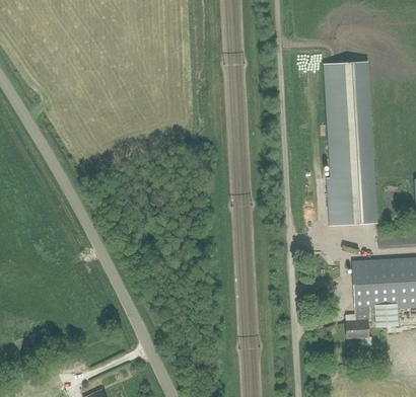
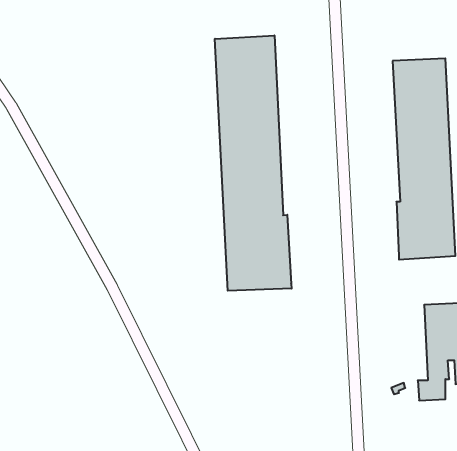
building: none -> [215,35,292,291]

